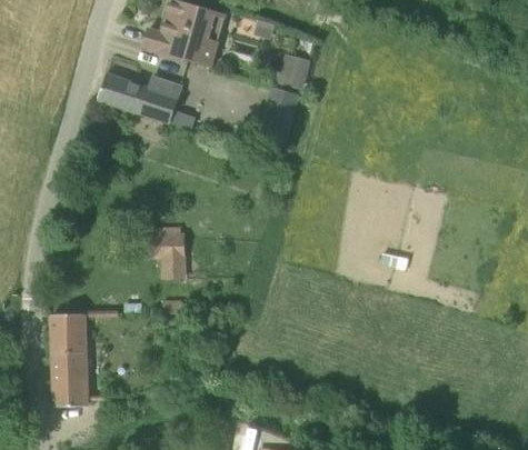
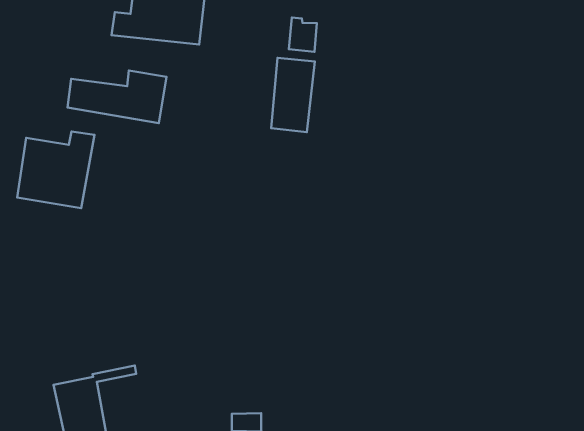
building: none -> [17,132,94,208]
building: [150,232,185,279] -> none

